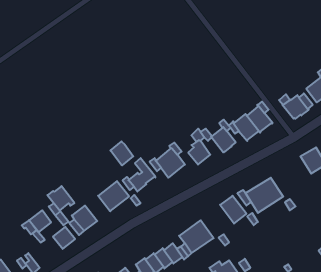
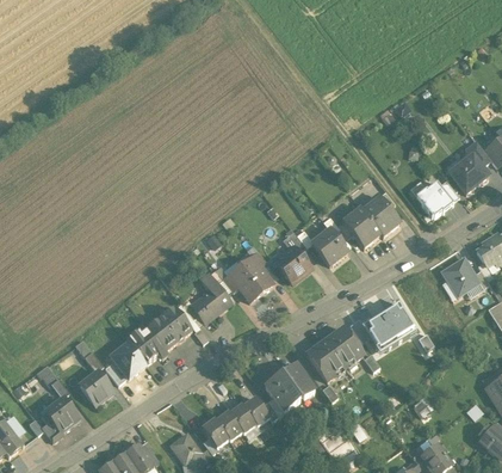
building: [110,141,133,165] -> none
building: [47,186,74,211] -> [128,330,167,366]
building: none -> [306,342,345,381]
building: [29,210,51,232] -> [47,400,79,432]

